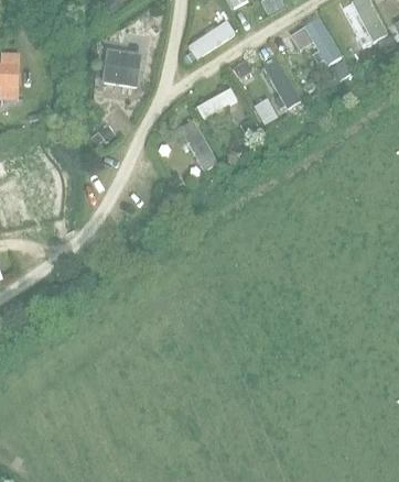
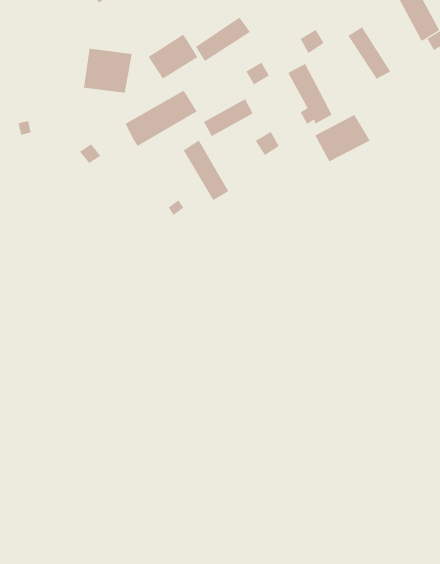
building: none -> [148,34,198,79]
building: none -> [125,90,197,147]
building: none -> [315,114,370,162]

